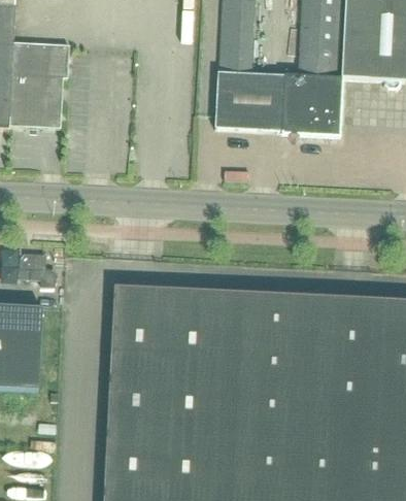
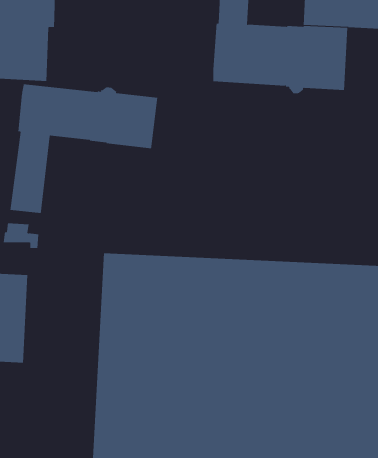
building: none -> [10,83,158,214]

